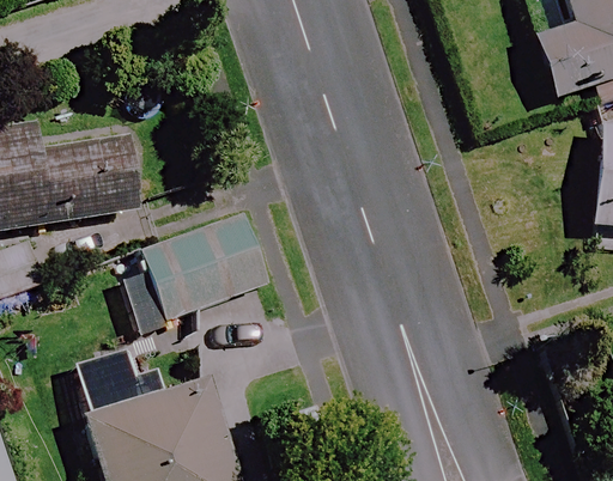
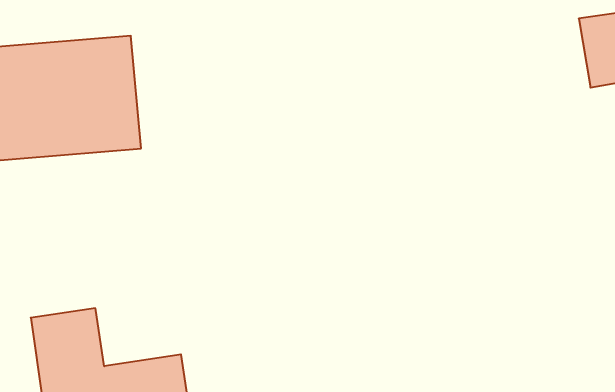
building: [120,213,272,333] -> none

